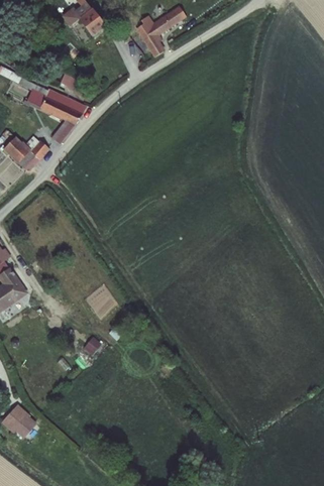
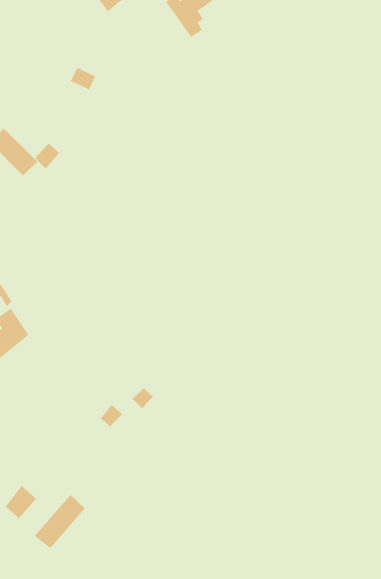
building: [25,88,84,143] -> none
building: none -> [34,494,85,549]

